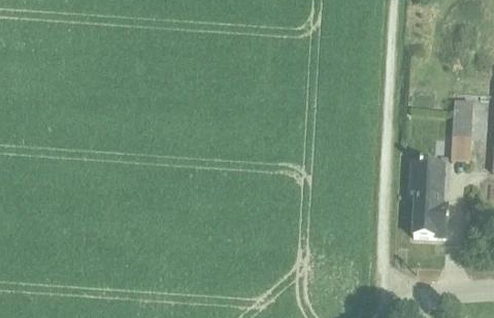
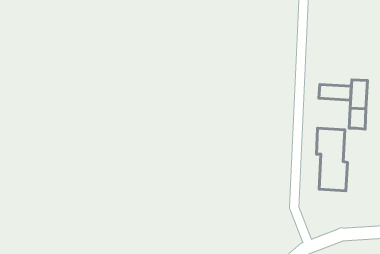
building: none -> [319,84,351,100]

